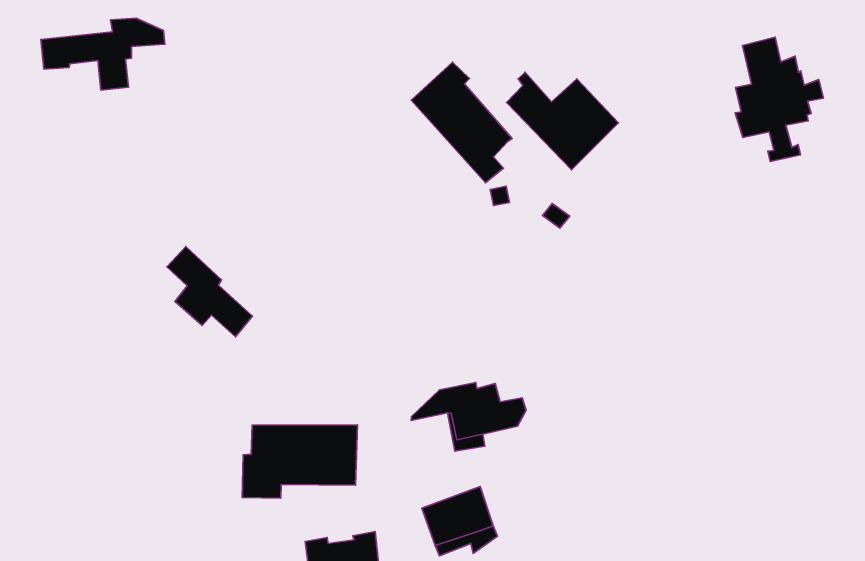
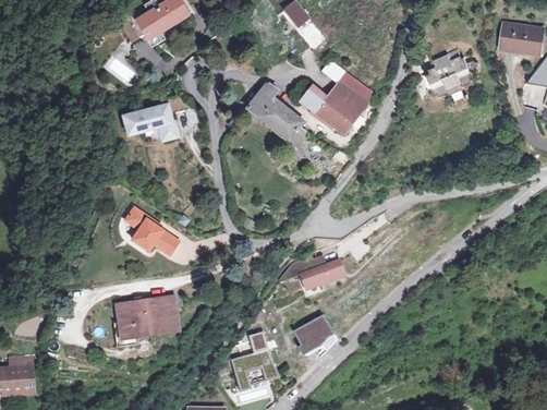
building: [41,18,165,90] -> [124,94,194,137]
building: [242,425,358,498] -> [114,292,180,343]

